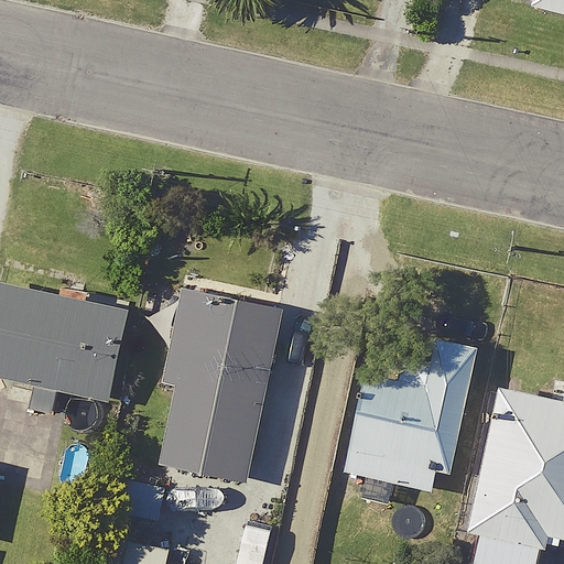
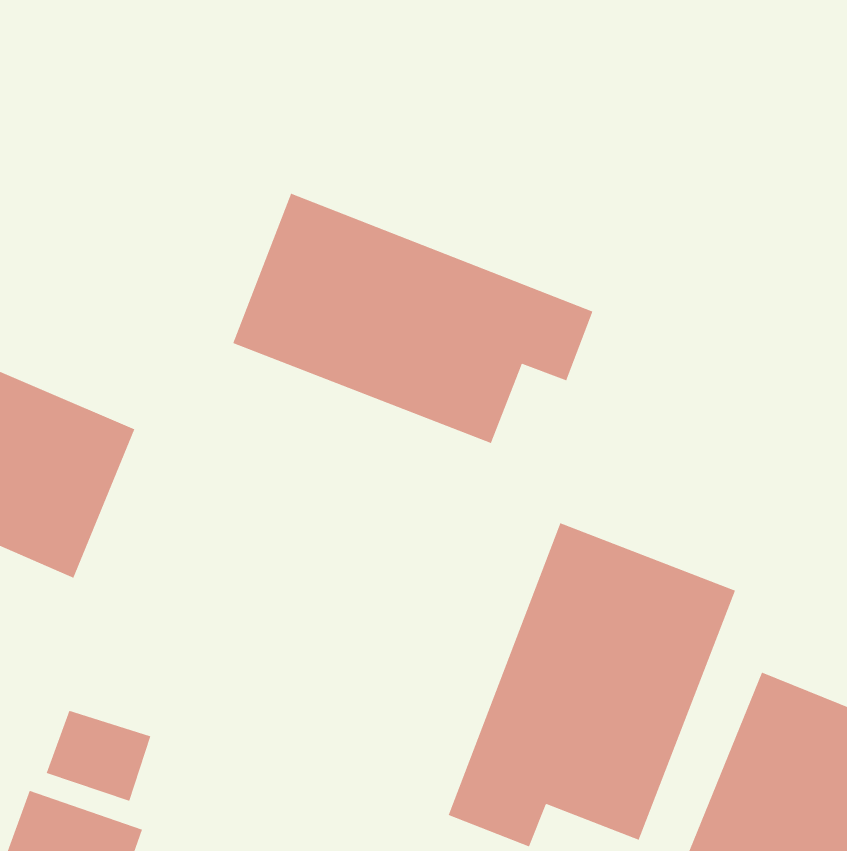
building: none -> [232,193,593,444]
building: [161,292,281,481] -> none

